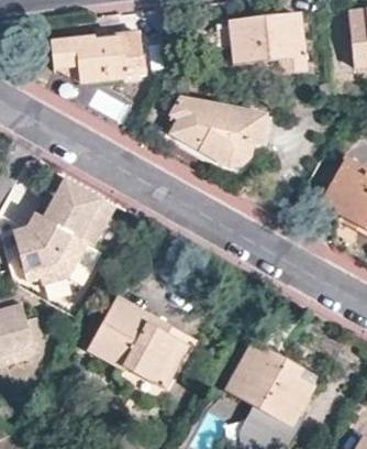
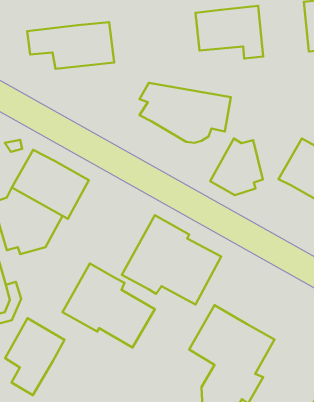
building: none -> [210,138,263,195]
building: none -> [122,215,221,304]
building: none -> [5,318,64,395]

